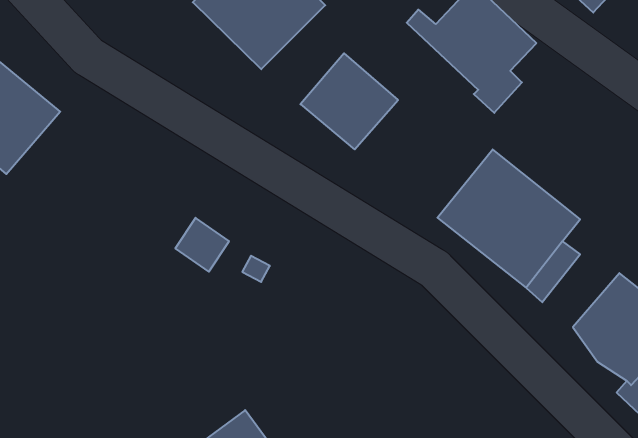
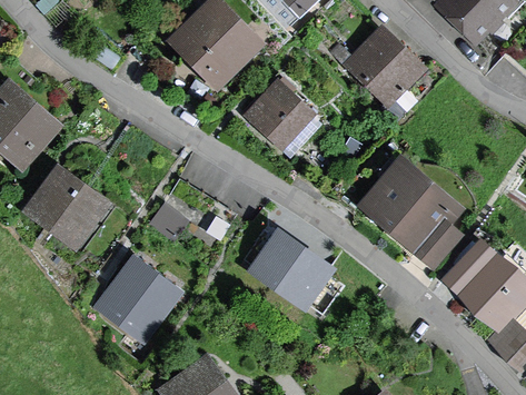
building: none -> [22,162,113,250]
building: none -> [247,230,335,315]
building: none -> [98,270,171,344]

